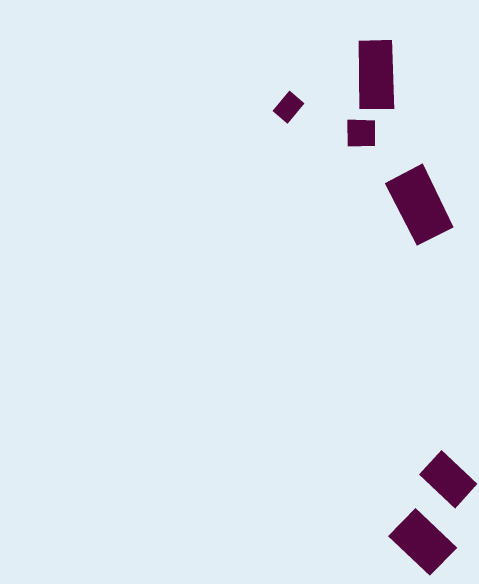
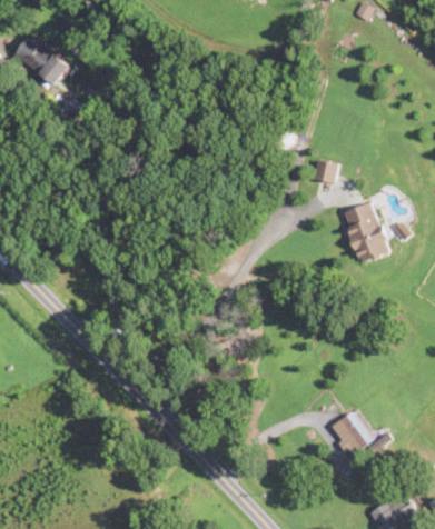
building: [358,39,395,110] -> none
building: [387,507,458,577] -> none

